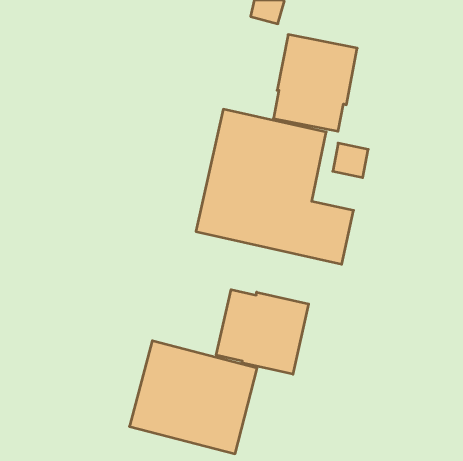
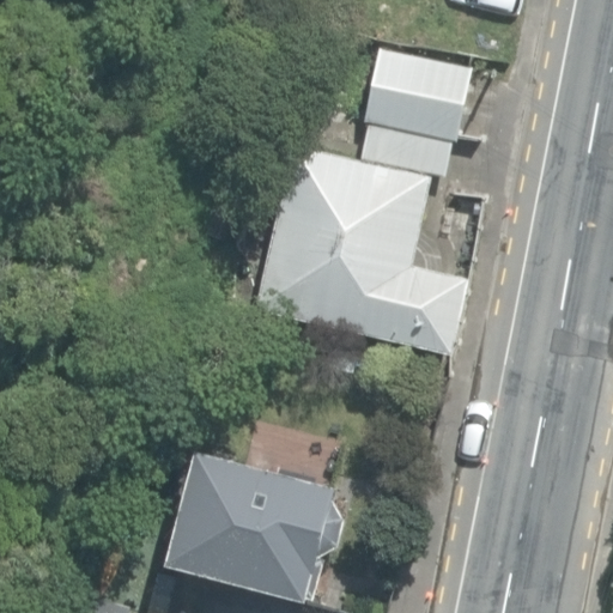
building: [216,290,309,374] -> none

